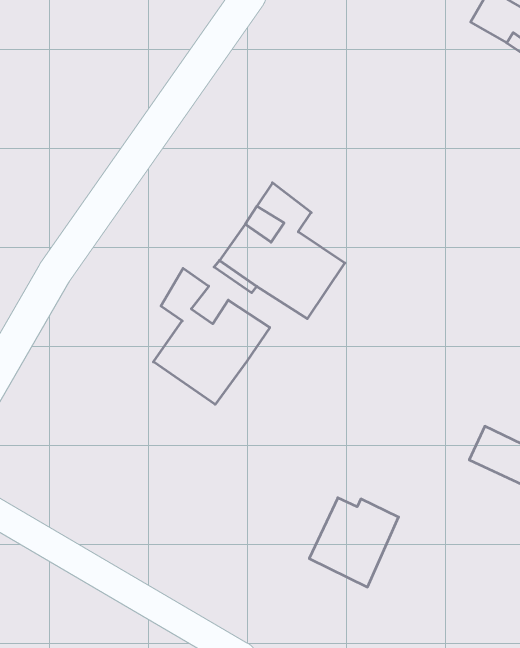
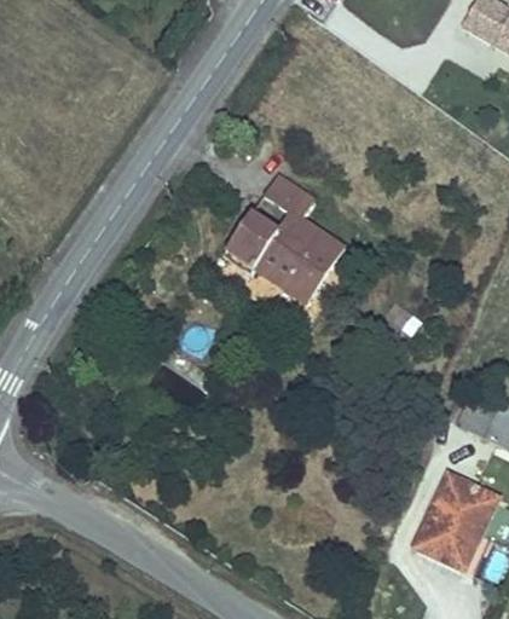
building: [153,268,270,404] -> none
building: [309,498,399,587] -> [411,487,494,571]

